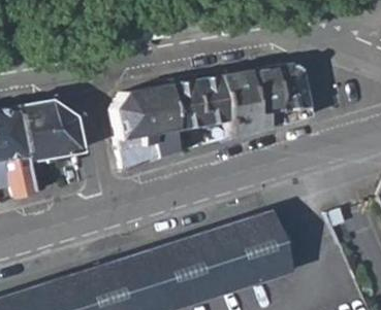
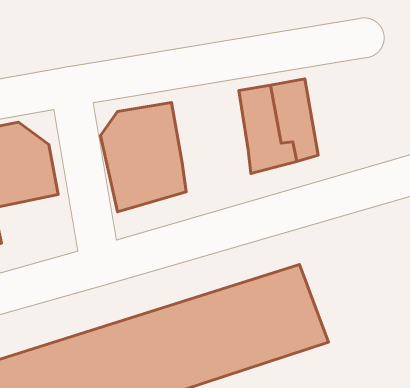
building: [276,61,314,124] -> none
building: [171,73,231,130] -> none

